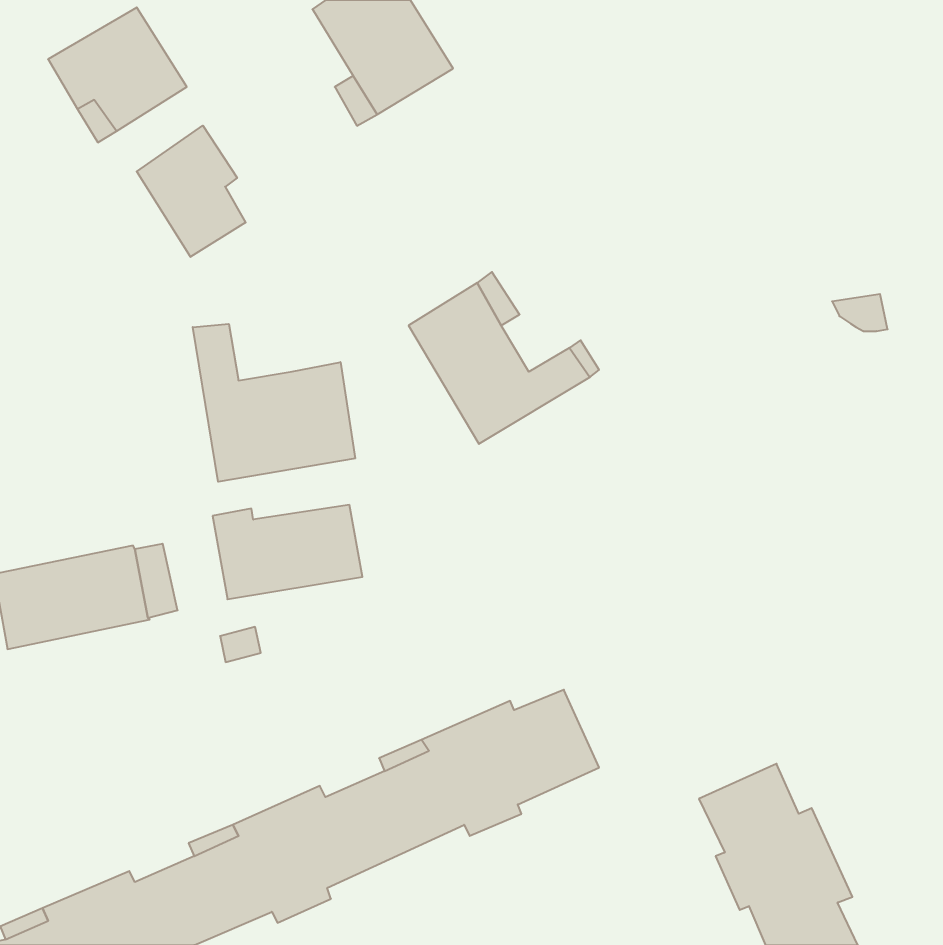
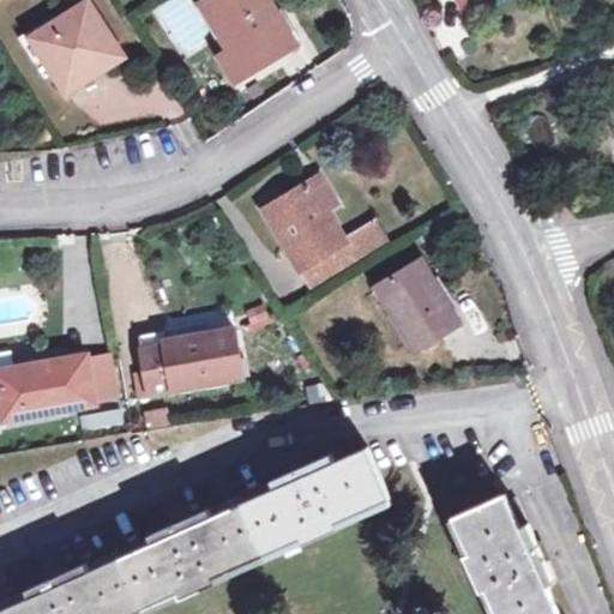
building: [137,126,246,257] -> none
building: [193,324,355,482] -> none
building: none -> [377,261,459,349]

